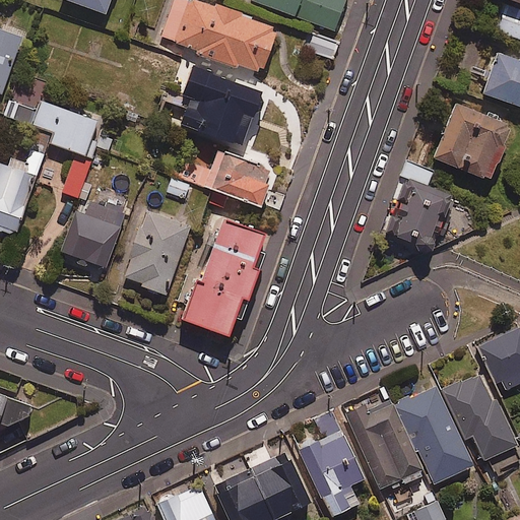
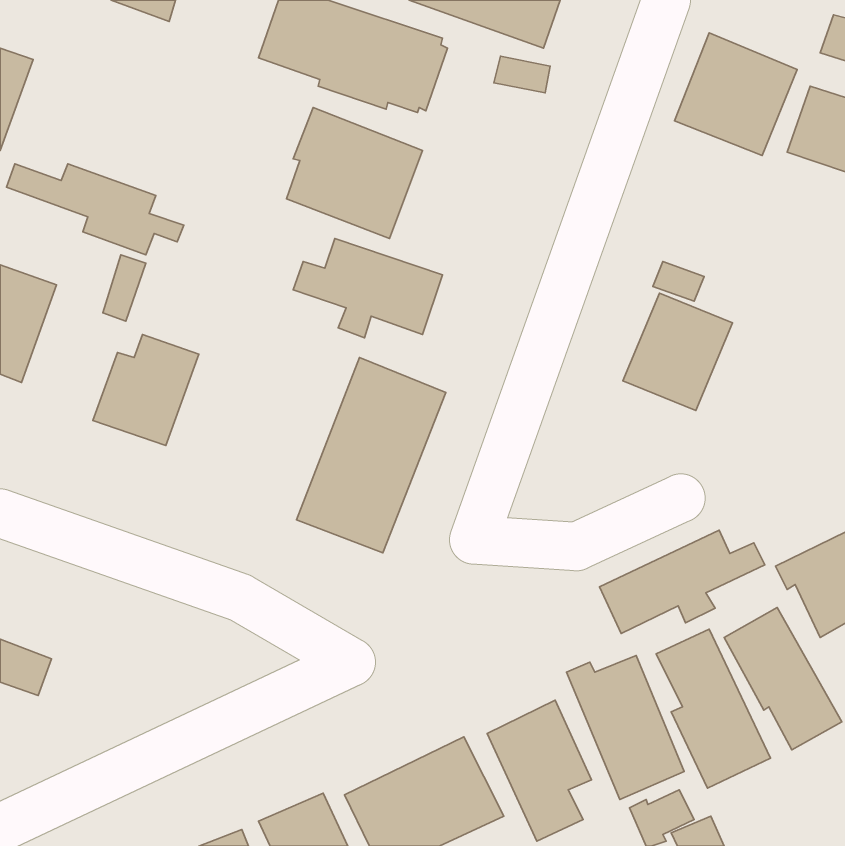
building: [435,104,510,179] -> [675,33,797,155]
building: [124,209,190,296] -> none
building: none -> [599,530,765,634]

